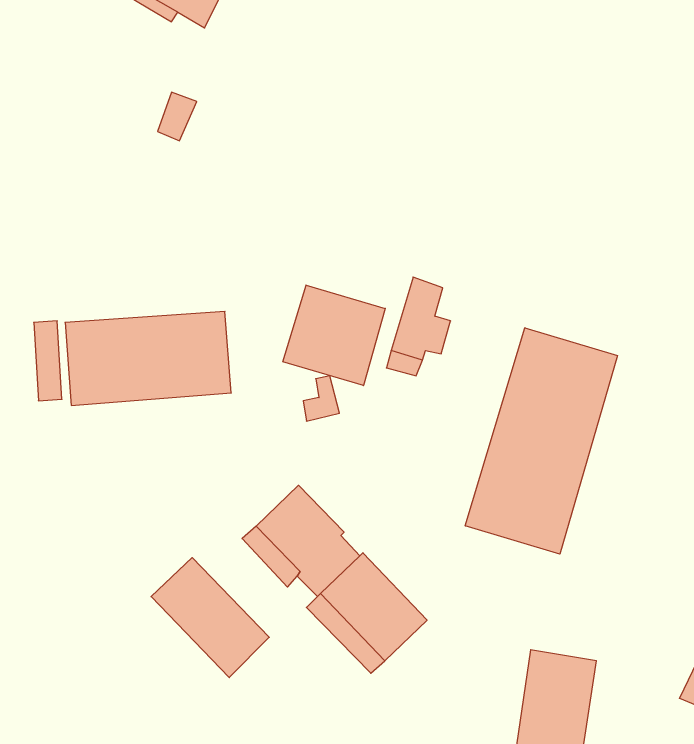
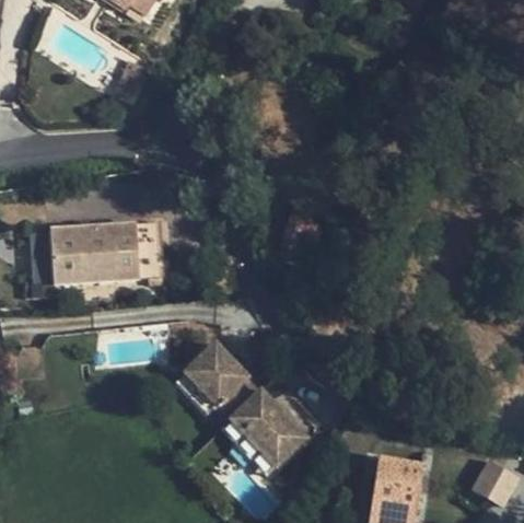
building: [283,285,385,386] -> none
building: [465,328,618,554] -> none
building: [151,558,269,678] -> none

